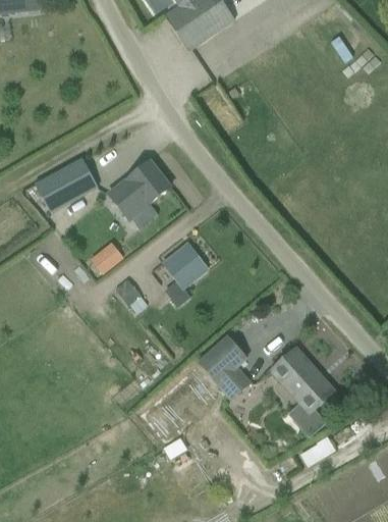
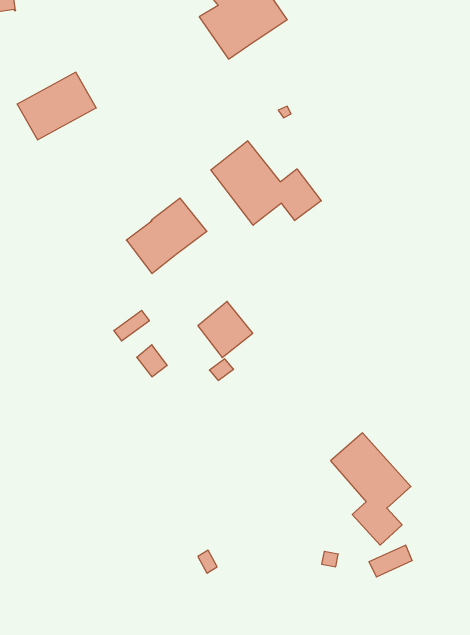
building: none -> [211,141,321,225]
building: [35,157,98,211] -> [17,72,96,140]
building: [200,336,250,399] -> none

